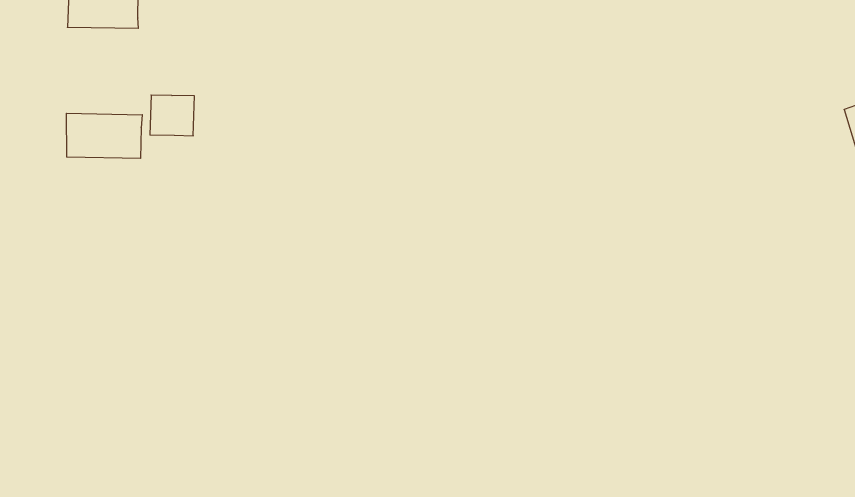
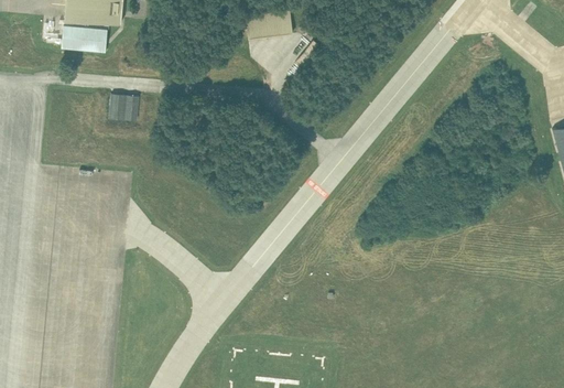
building: [67,113,142,158] -> none

